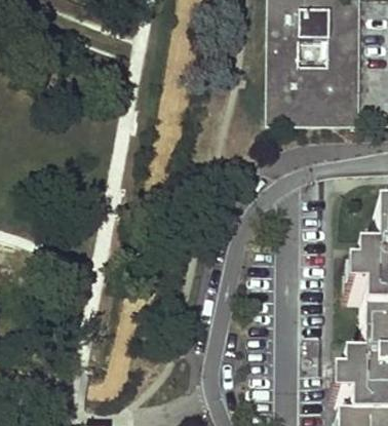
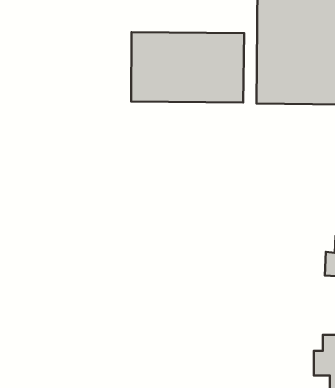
building: none -> [131,32,244,103]

